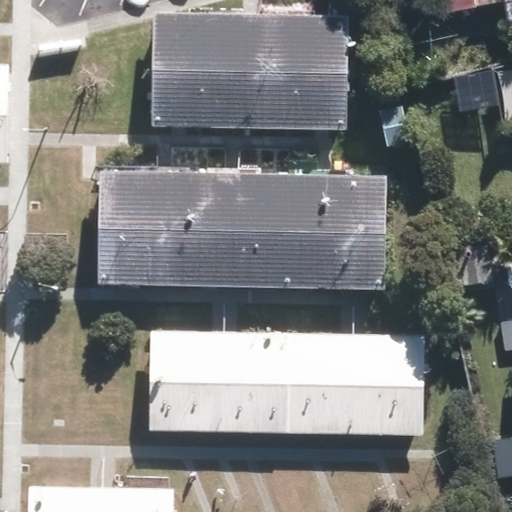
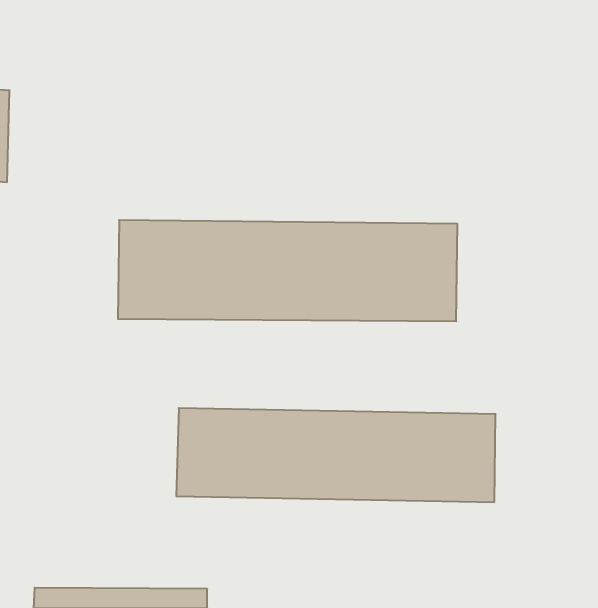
building: [155,31,346,114] -> none

